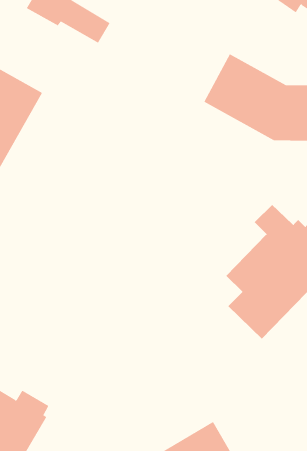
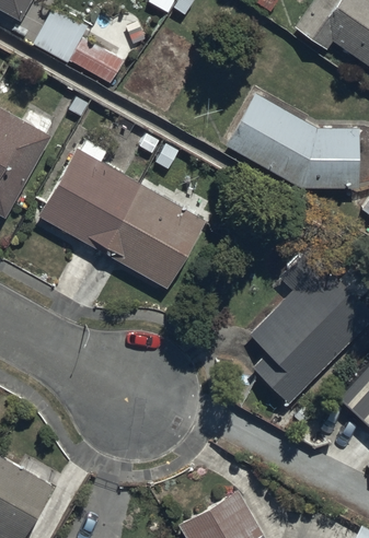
building: none -> [38,137,206,289]

